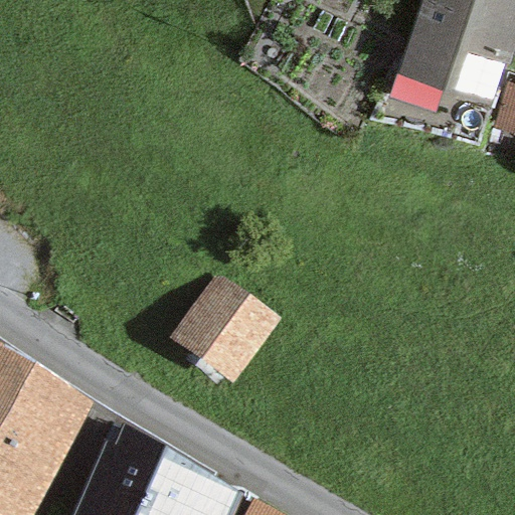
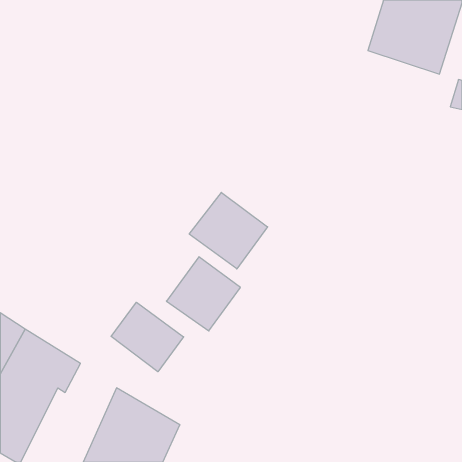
building: none -> [189,192,268,269]
building: none -> [111,302,184,372]

